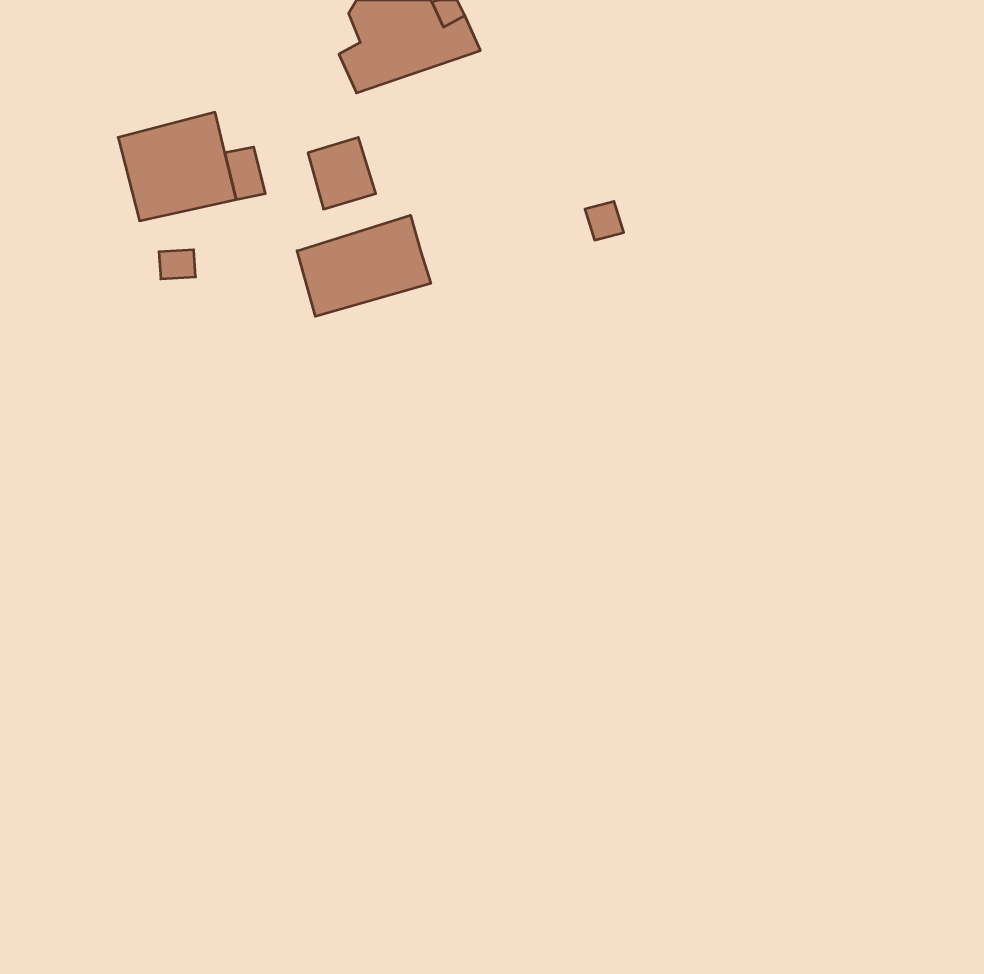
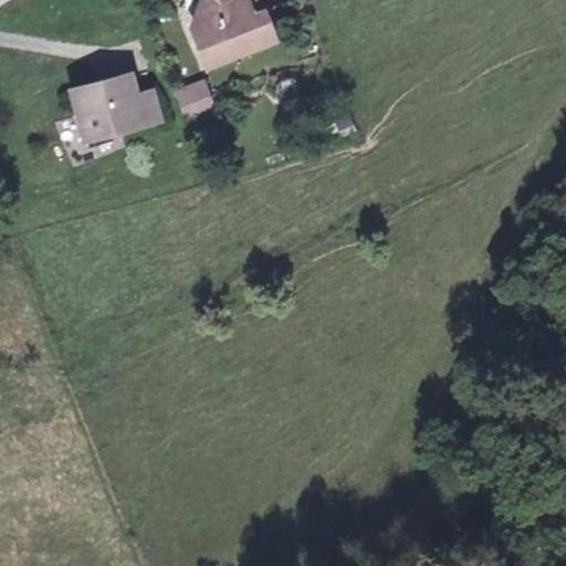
building: [297,215,431,316] -> none

